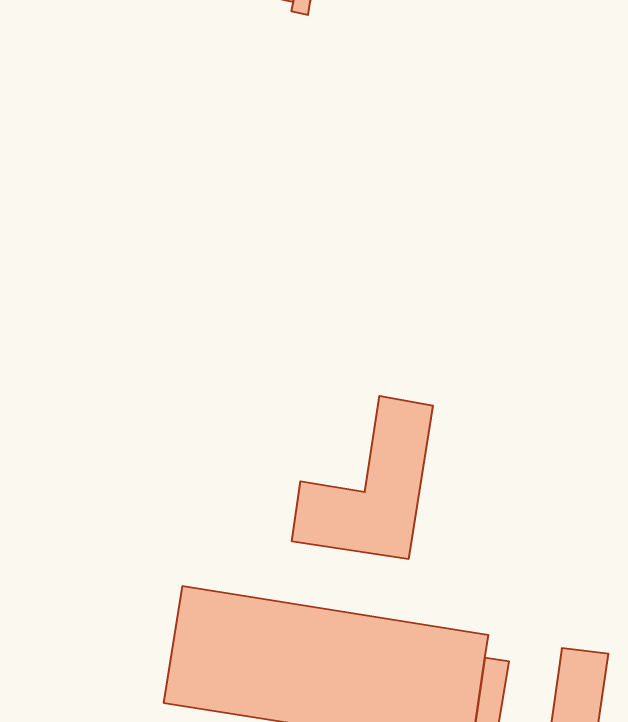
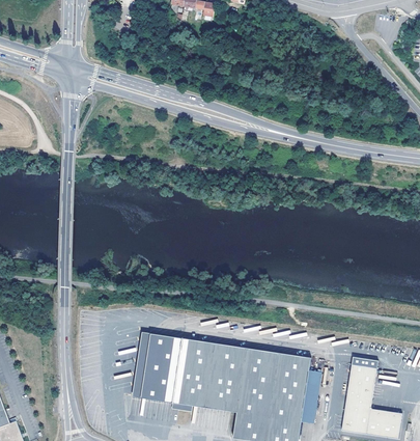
building: [292,396,433,559] -> none

